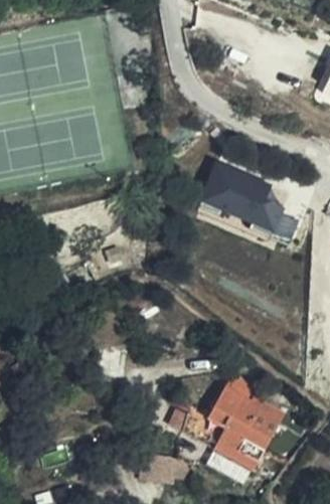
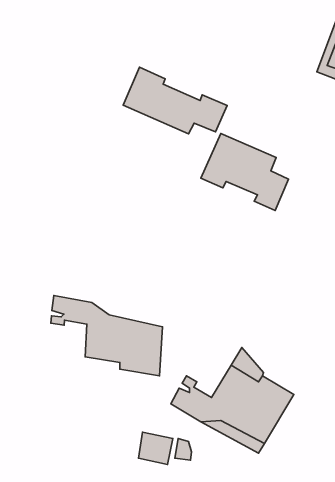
building: none -> [123,67,227,134]
building: none -> [51,295,163,376]

